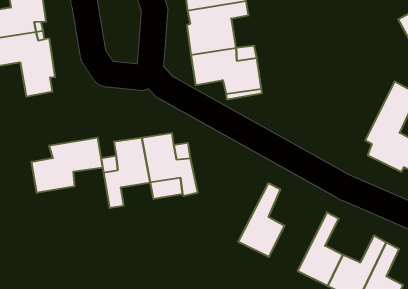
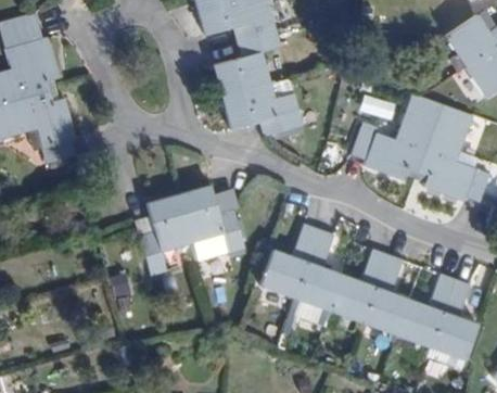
building: none -> [353,92,446,179]
building: [31,137,103,193] -> none
building: none -> [258,223,320,296]
building: none -> [330,249,387,321]

